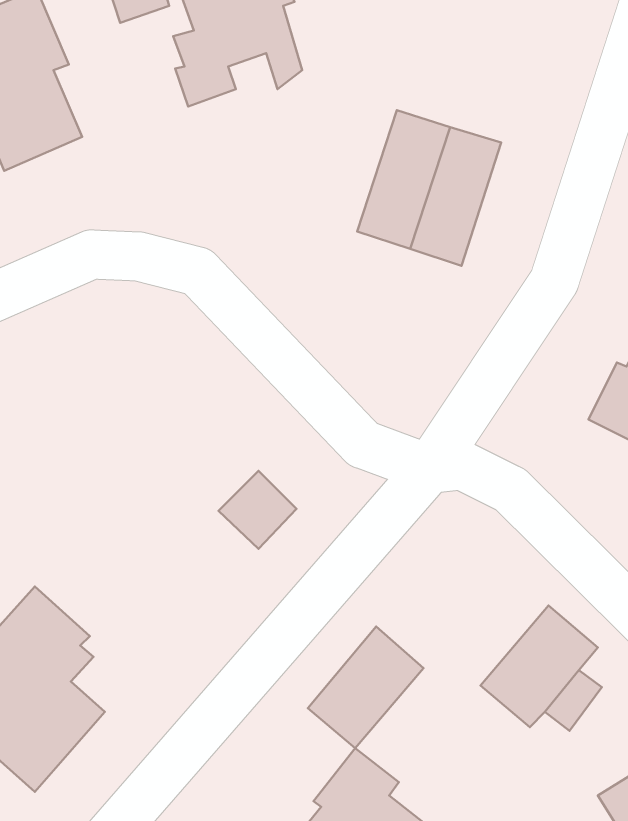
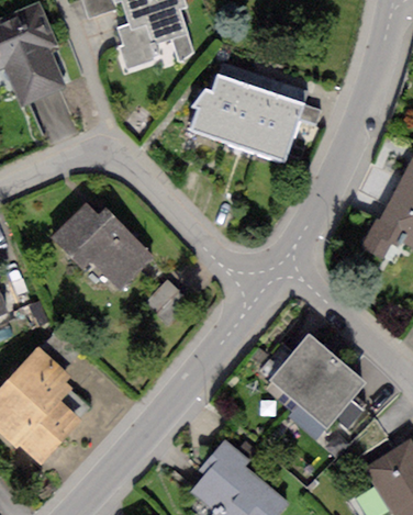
building: none -> [190,61,248,141]
building: none -> [51,204,154,292]
building: [308,627,423,748] -> [269,333,336,403]

